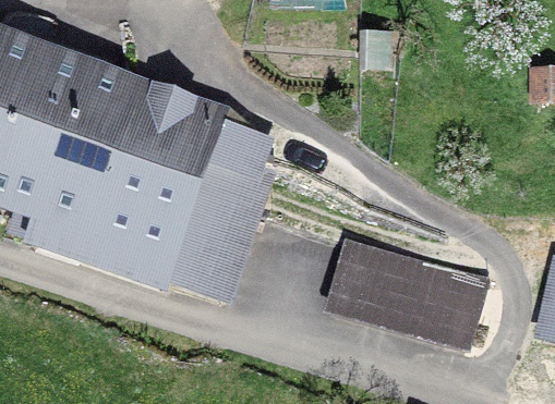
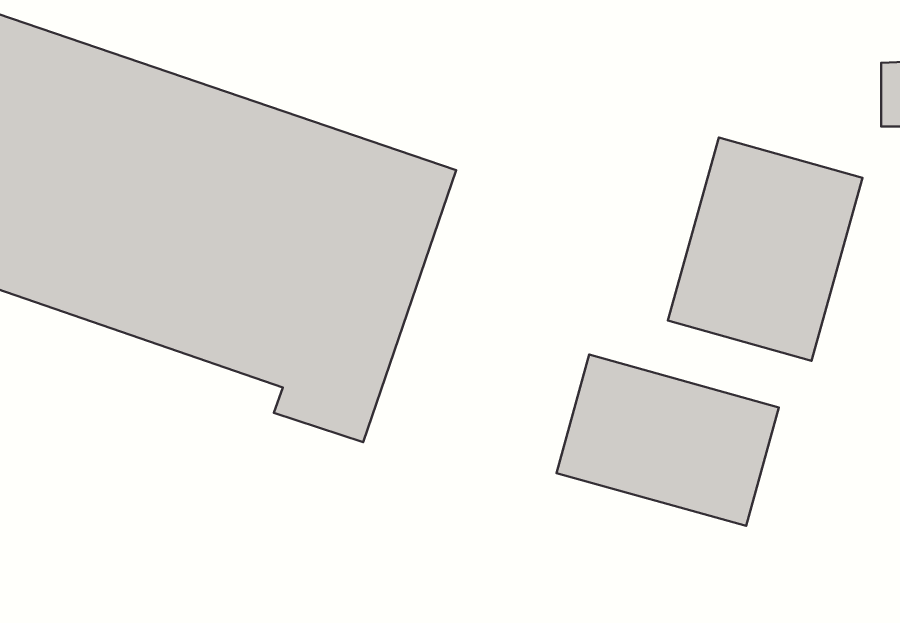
building: none -> [668,138,863,361]

